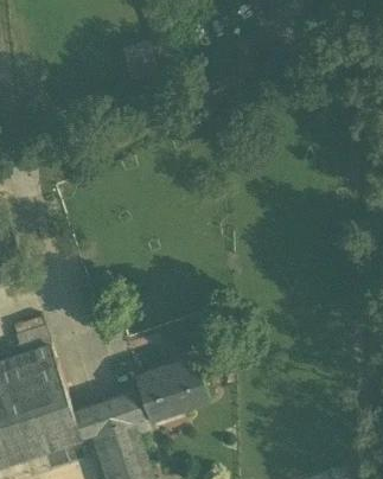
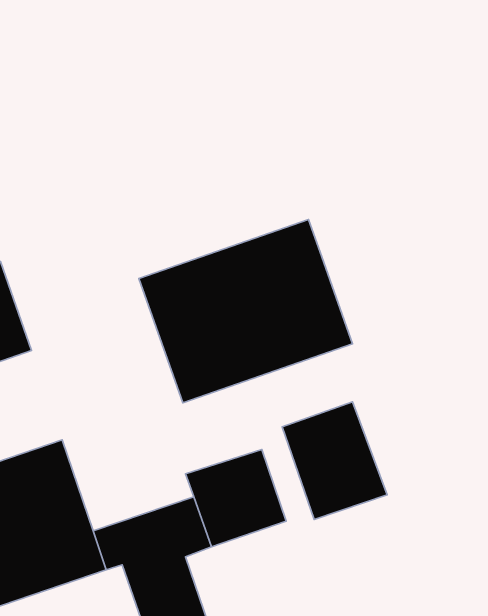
building: none -> [139,220,352,403]
building: none -> [282,402,387,520]

